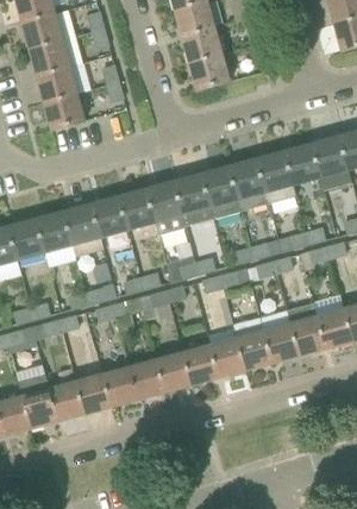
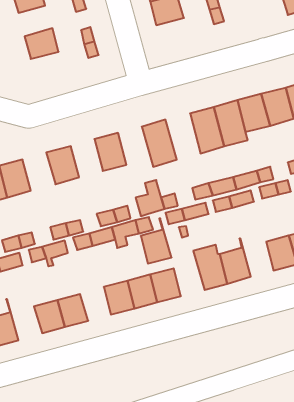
building: [31,40,70,76] -> none
building: [190,55,230,90] -> none
building: [45,94,84,130] -> none
building: [201,165,242,219] -> none
building: [146,181,187,235] -> none
building: [92,195,129,239] -> none
building: [36,210,74,254] -> none
building: [288,303,326,354] -> none
building: [211,325,246,377] -> [141,218,172,264]
building: [102,366,138,406] -> none
building: [18,373,58,428] -> none

